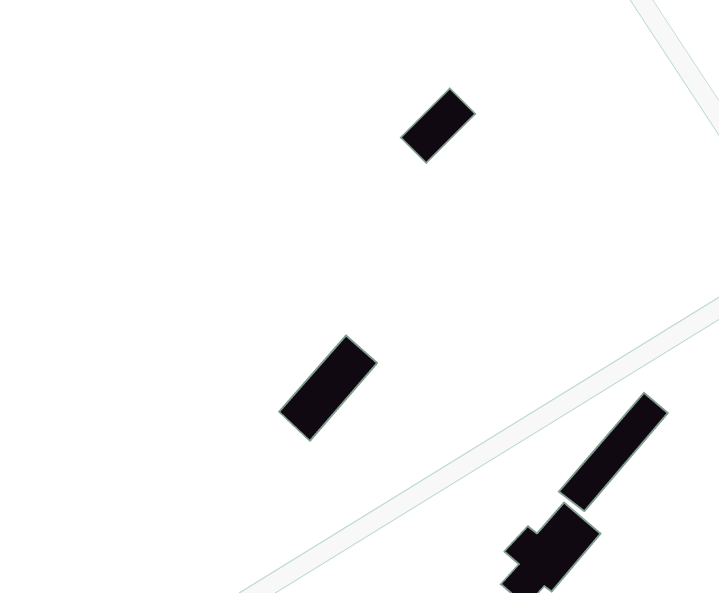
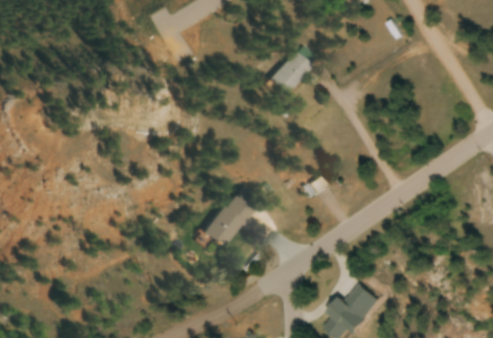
building: [559,393,668,511] -> none

